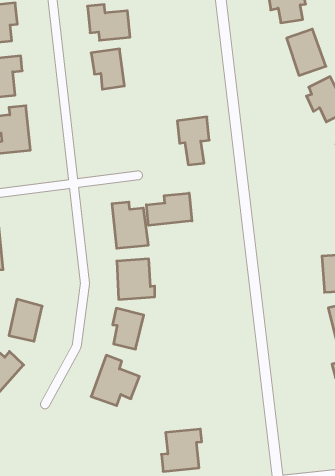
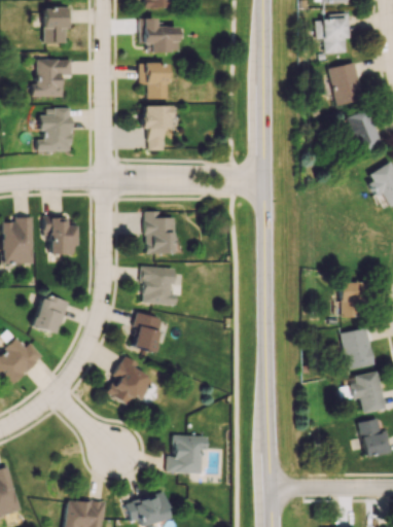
building: [177,117,209,165] -> [143,105,172,149]
building: [146,193,192,225] -> none
building: none -> [44,215,76,254]

